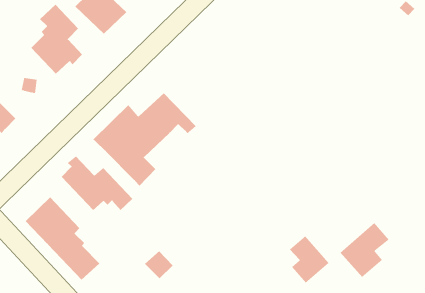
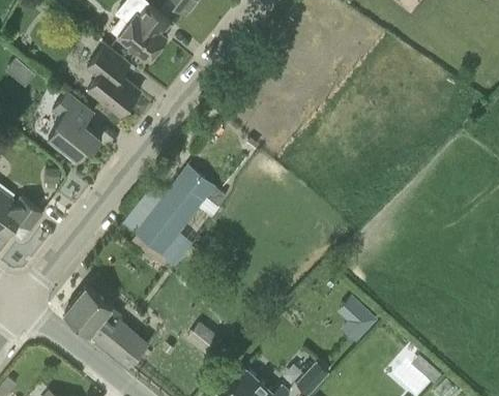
building: [61,155,133,211] -> none
building: [339,222,389,278] -> none

